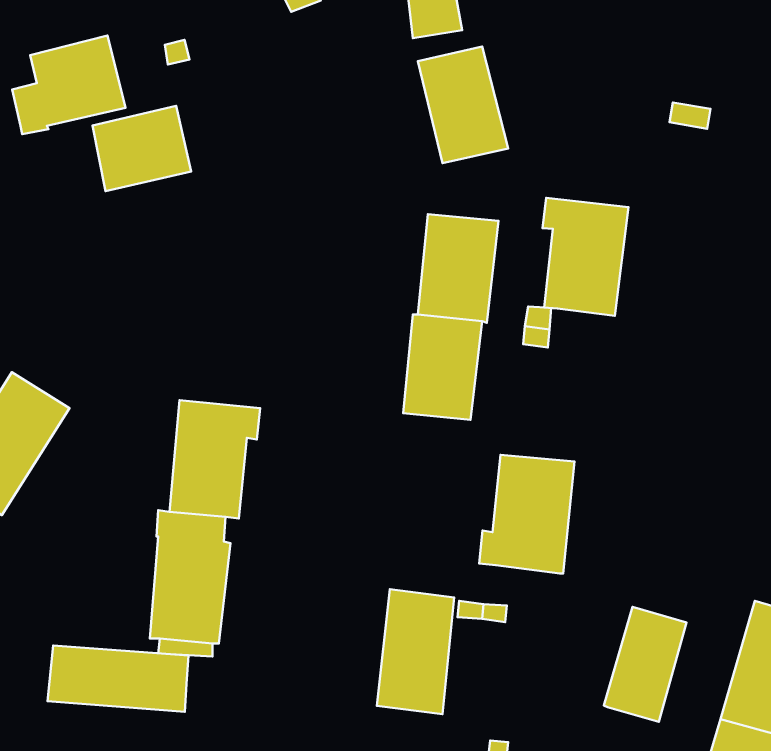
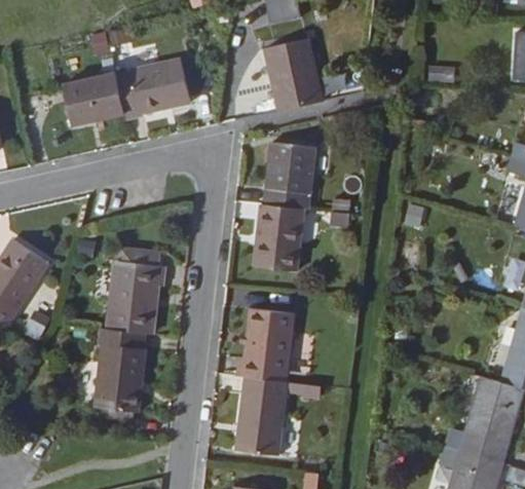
building: [12,35,126,134] -> [118,58,189,119]
building: [543,198,629,316] -> none
building: [479,455,575,573] -> [237,306,297,380]
building: [604,607,686,722] -> none
building: [48,645,189,712] -> none

